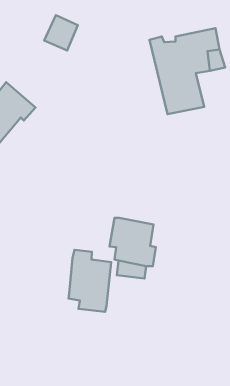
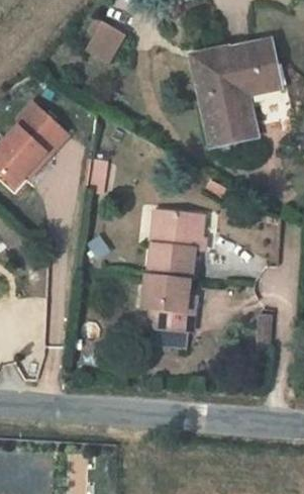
building: none -> [158,207,219,280]
building: [69,250,111,312] -> none

